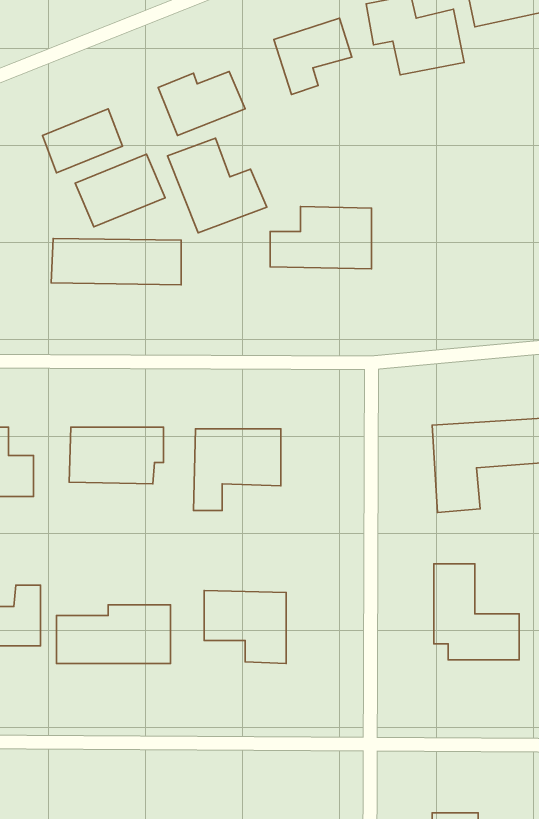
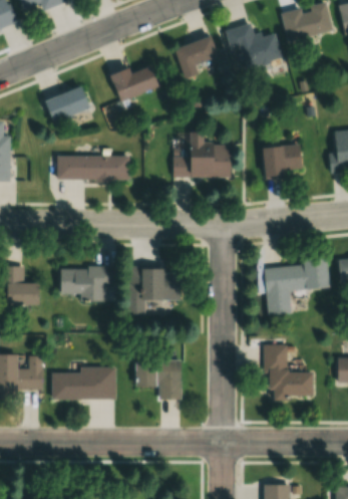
building: [168,138,267,233] -> none
building: [75,154,165,227] -> none
building: none -> [261,143,302,179]

